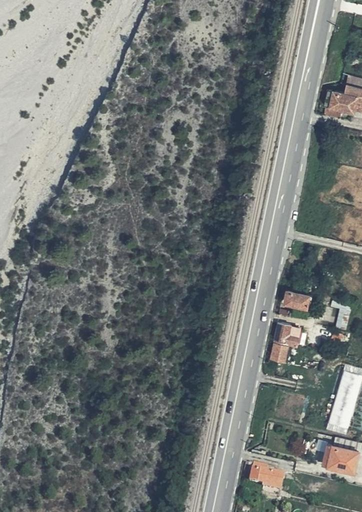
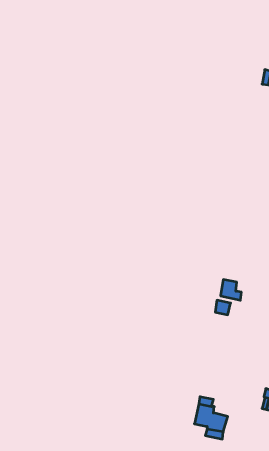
building: [285,286,313,308] -> none

